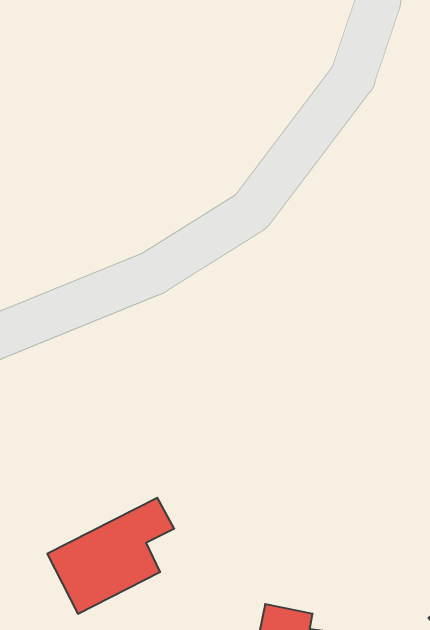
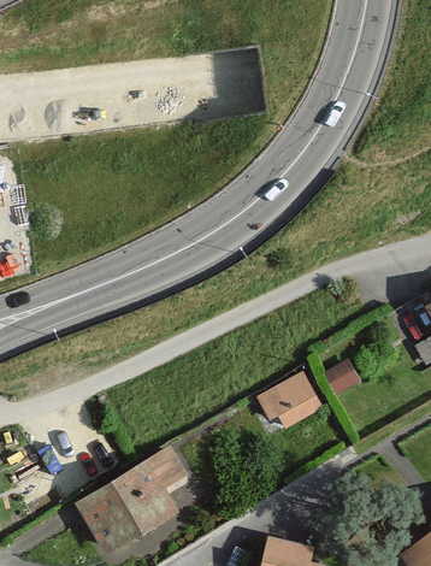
building: none -> [264,375,324,432]

